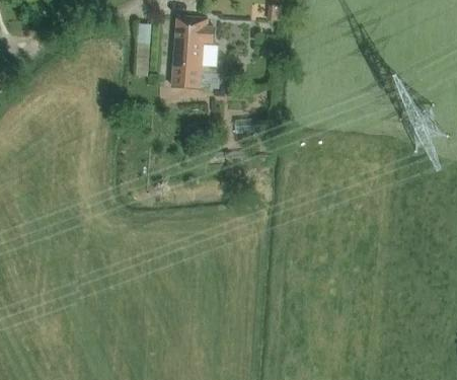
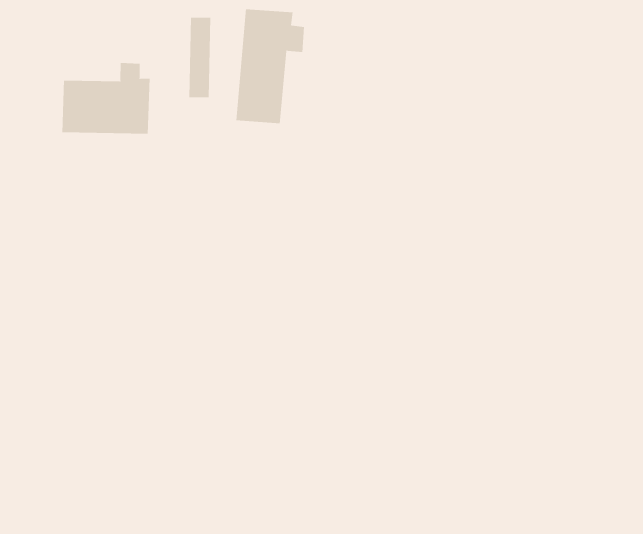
building: none -> [62,62,150,134]

